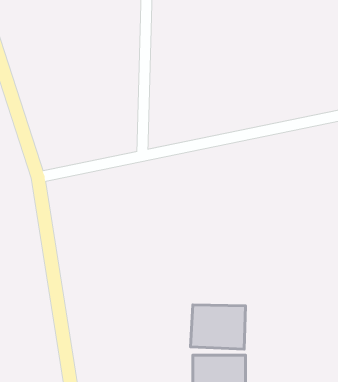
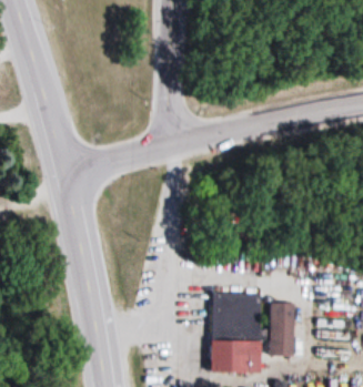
building: none -> [270,303,294,356]

